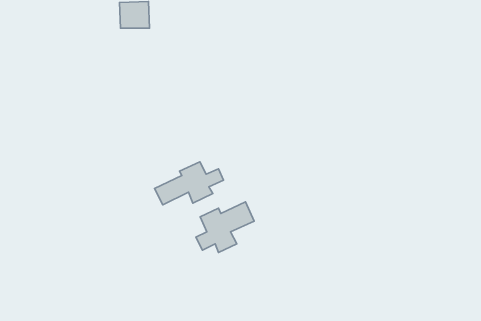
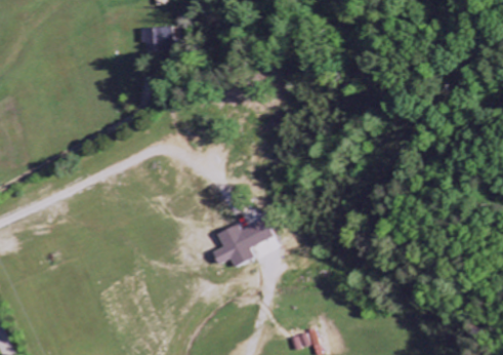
building: [155,162,223,205] -> none

